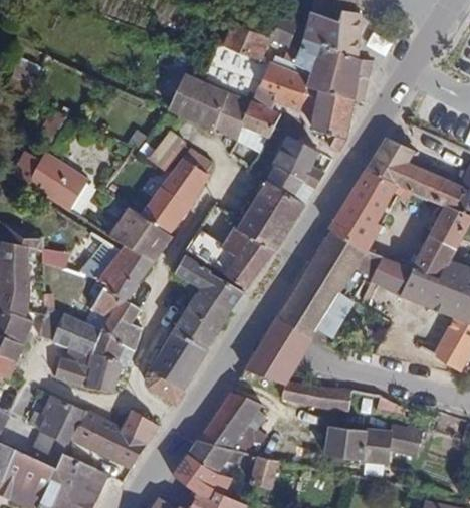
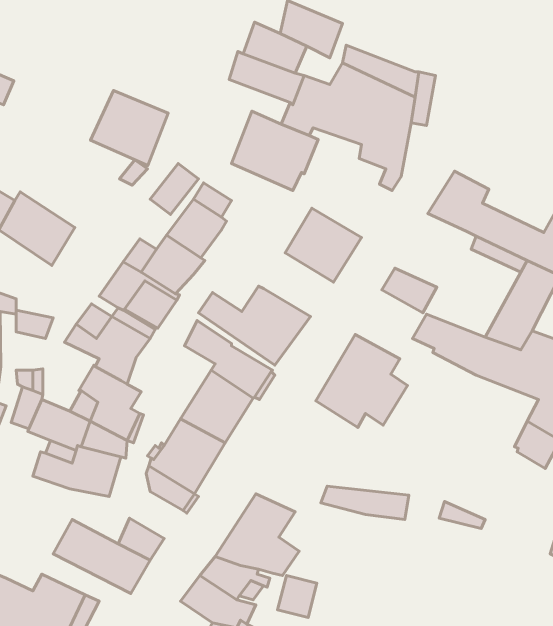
building: [302,10,361,58] -> none
building: [167,71,228,131] -> [90,90,168,166]
building: [275,137,326,189] -> none
building: [340,170,397,228] -> none
building: [237,201,292,251] -> none
building: [309,230,366,284] -> none
building: [245,317,315,385] -> none
building: [34,396,86,467] -> none
building: [326,426,417,462] -> none

